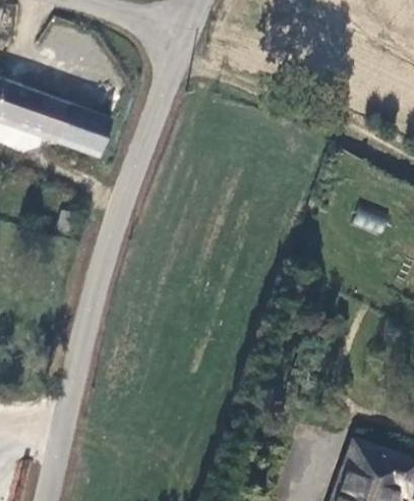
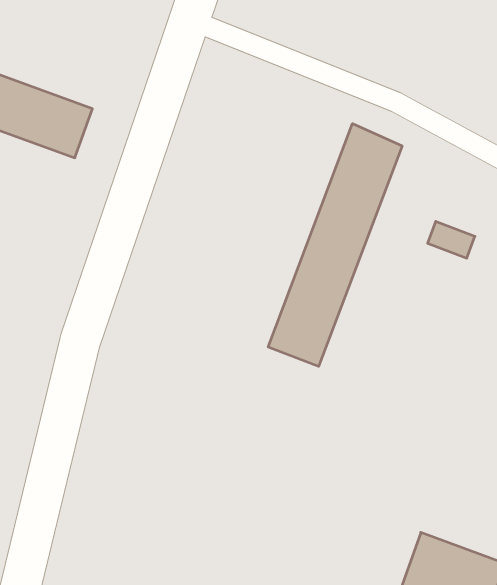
building: none -> [268,124,402,366]

